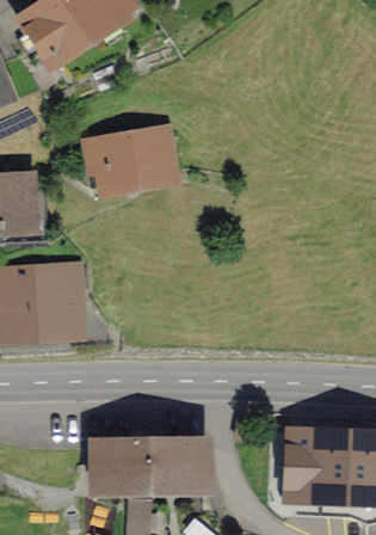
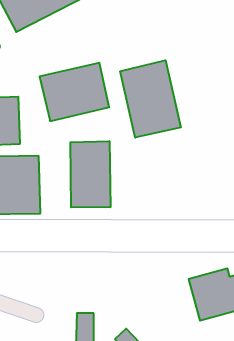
building: none -> [120,60,181,138]
building: none -> [70,141,110,207]
building: [97,438,207,485] -> none

